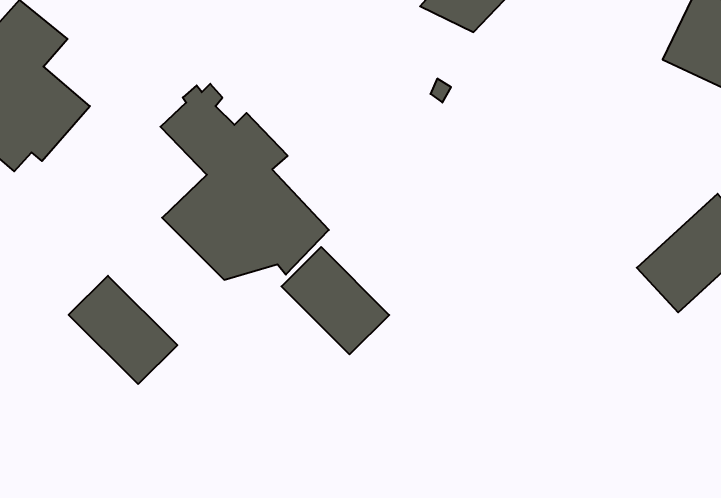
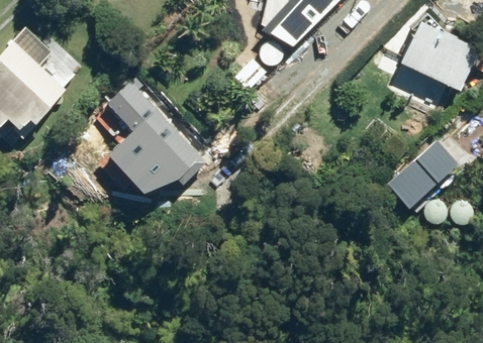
building: [281,247,389,354] -> none
building: [69,276,177,384] -> none

